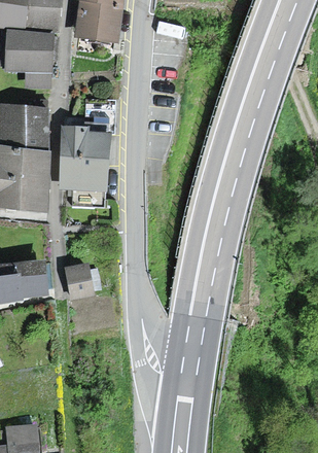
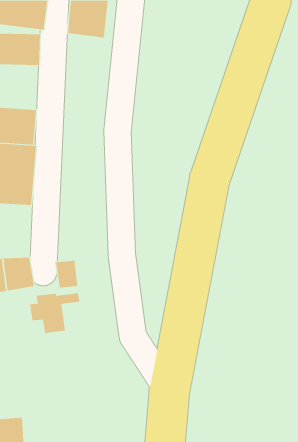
building: [63,129,109,187] -> none
building: none -> [29,292,80,334]

